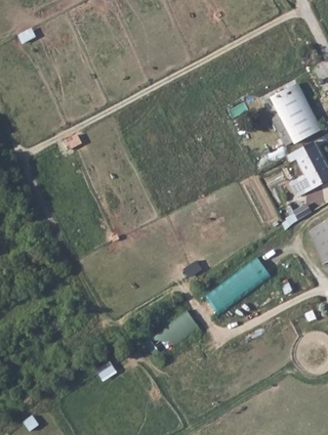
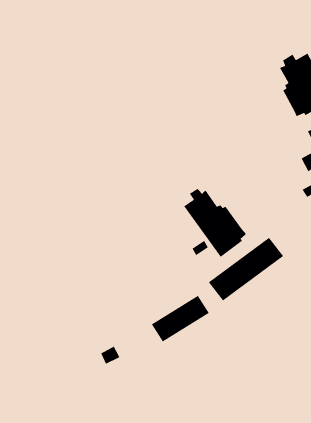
building: none -> [183,188,247,258]

